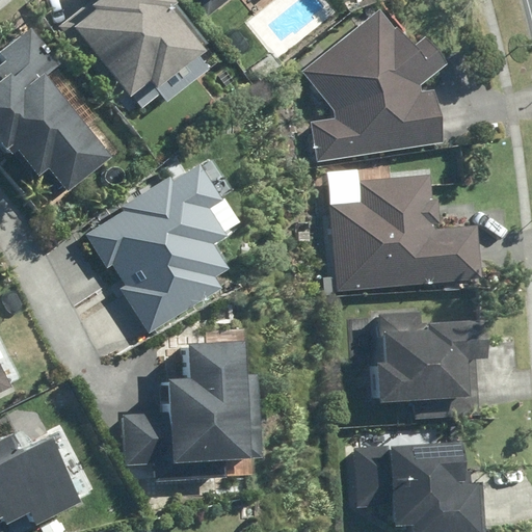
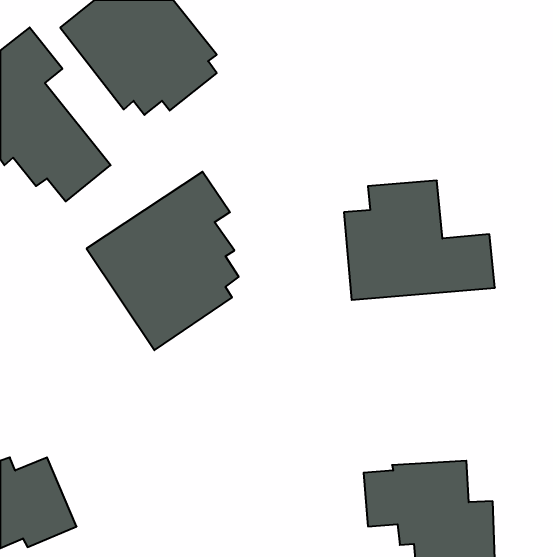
building: [305,23,436,152] -> none
building: [369,313,470,410] -> none
building: [124,332,260,481] -> none

